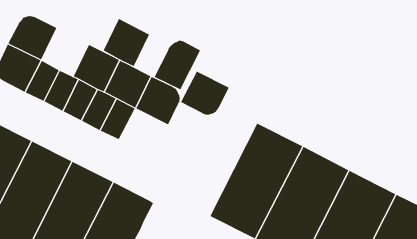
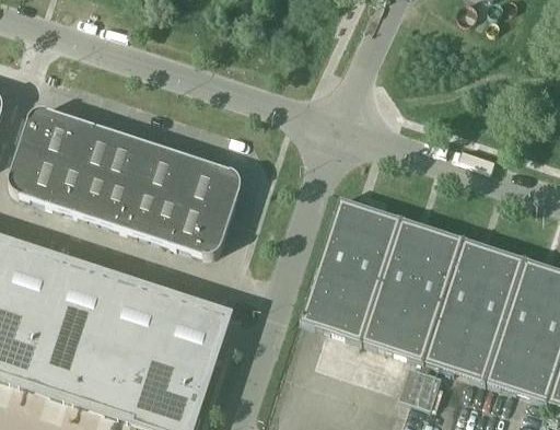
building: [103,18,150,67] -> [63,117,118,174]
building: [154,40,201,90] -> none
building: [180,71,229,115] -> [174,201,232,254]

